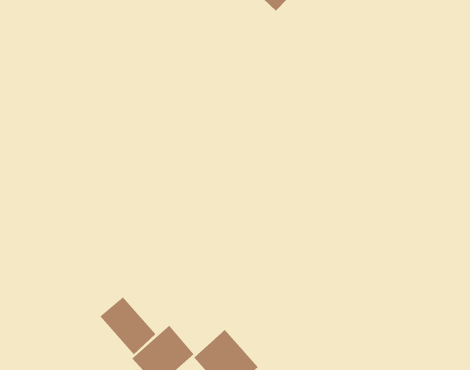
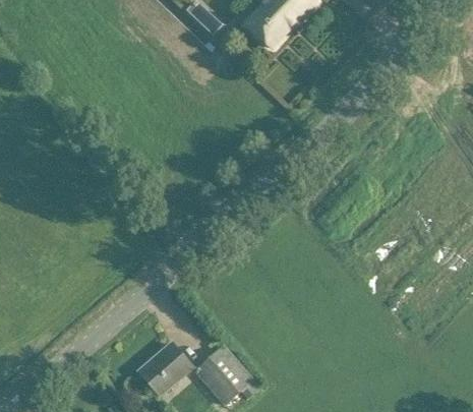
building: [99,296,156,355] -> none

